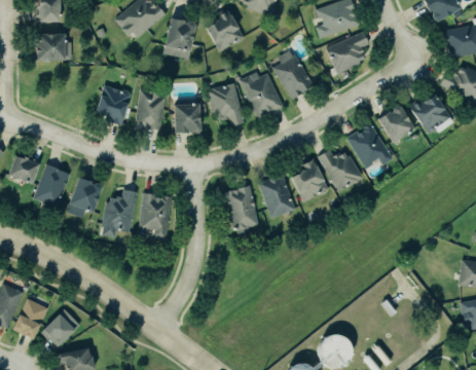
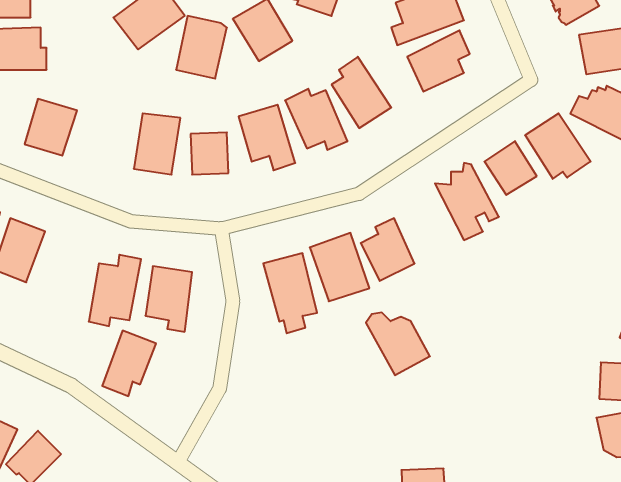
building: [93,82,130,122] -> [25,99,77,156]
building: [318,147,363,191] -> [366,313,430,375]
building: [64,171,102,217] -> [102,331,156,396]

